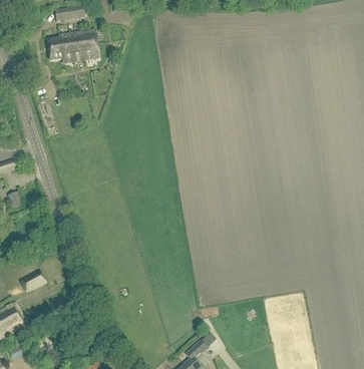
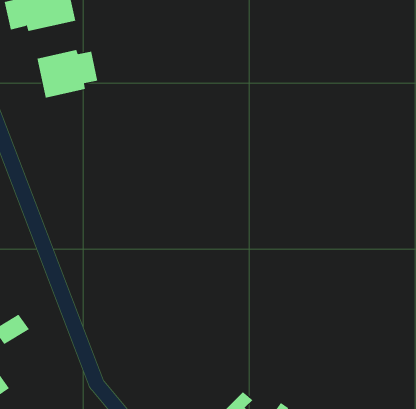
building: none -> [37,49,98,98]

